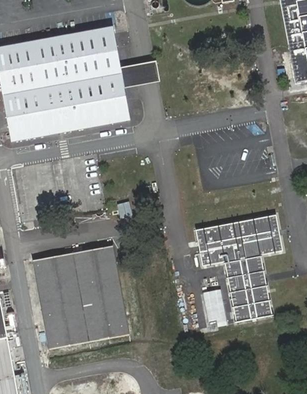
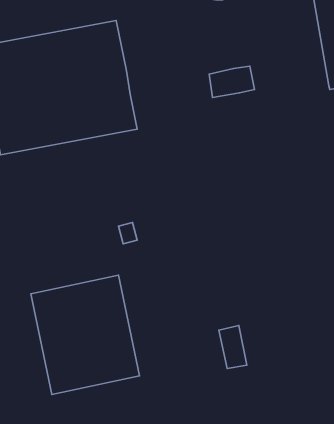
building: [120,61,159,88] -> [209,66,255,98]
building: [190,214,274,319] -> none

